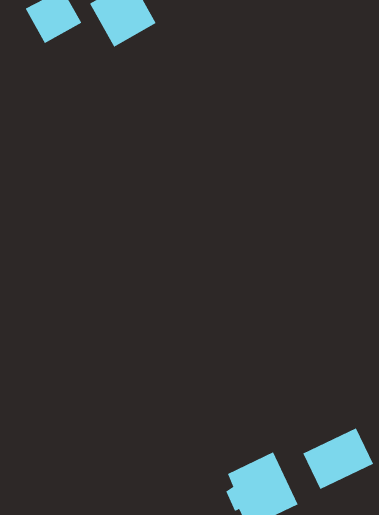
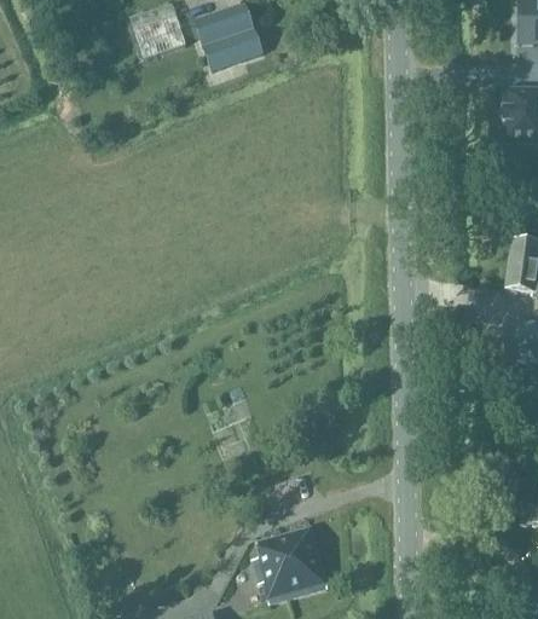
building: [302,428,374,490] -> none

